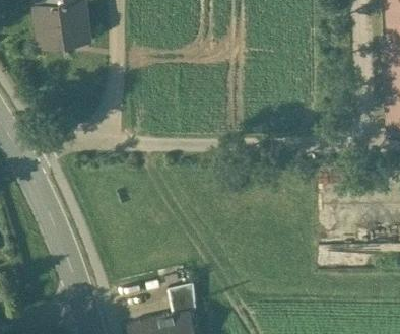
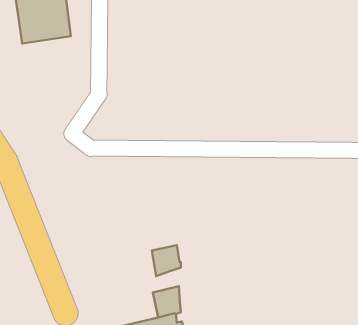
building: none -> [152,245,181,276]

